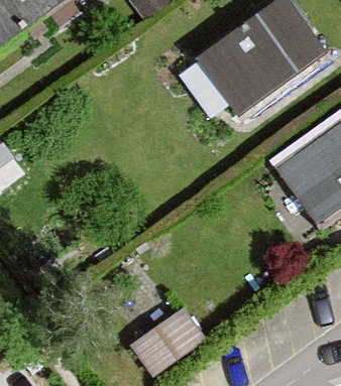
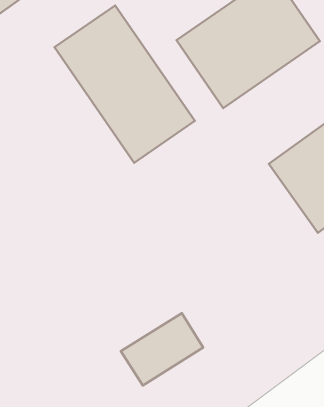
building: none -> [55,5,195,163]

